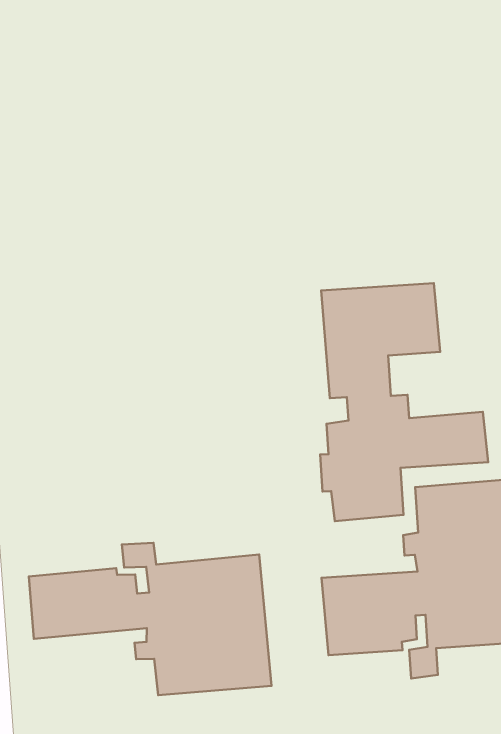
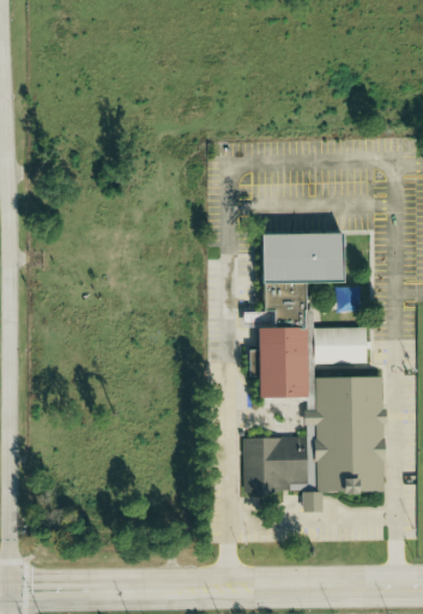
building: [29,543,272,695] -> none

